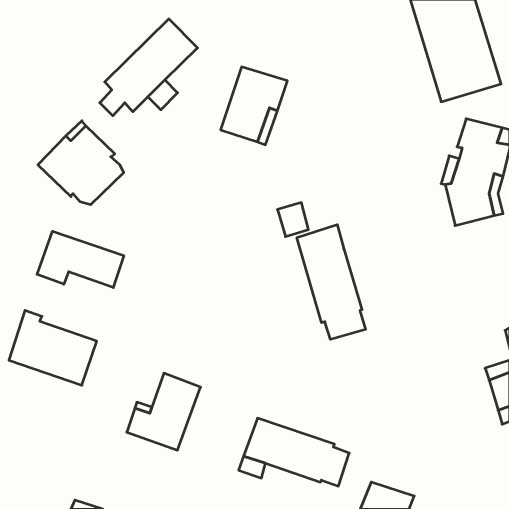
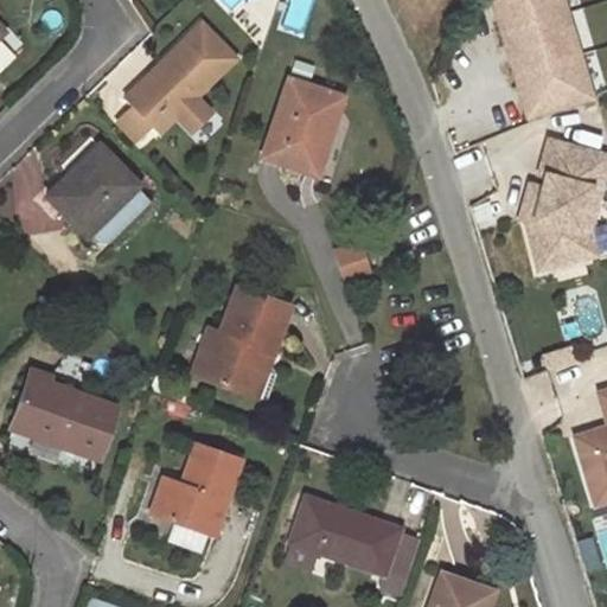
building: [297,225,366,339] -> none
building: [37,231,124,288] -> none
building: none -> [192,287,289,398]

